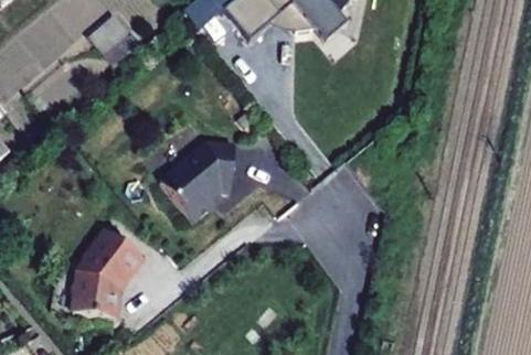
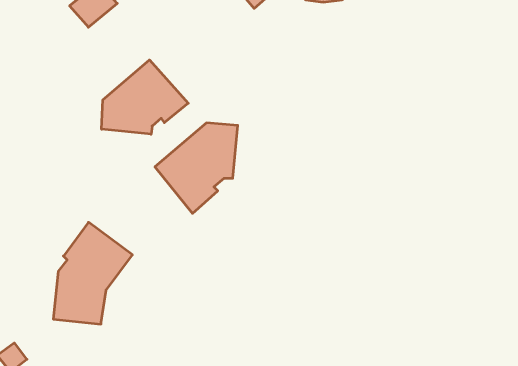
building: none -> [102,60,188,134]

